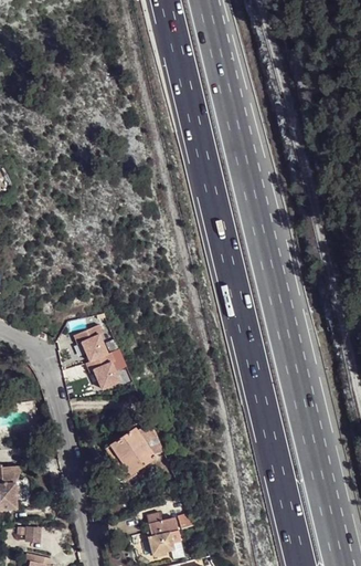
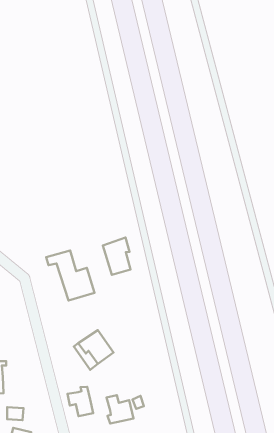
building: none -> [103,238,131,275]
building: none -> [67,387,93,416]

